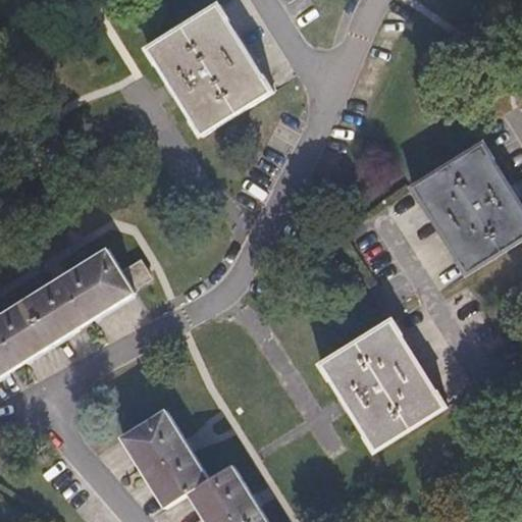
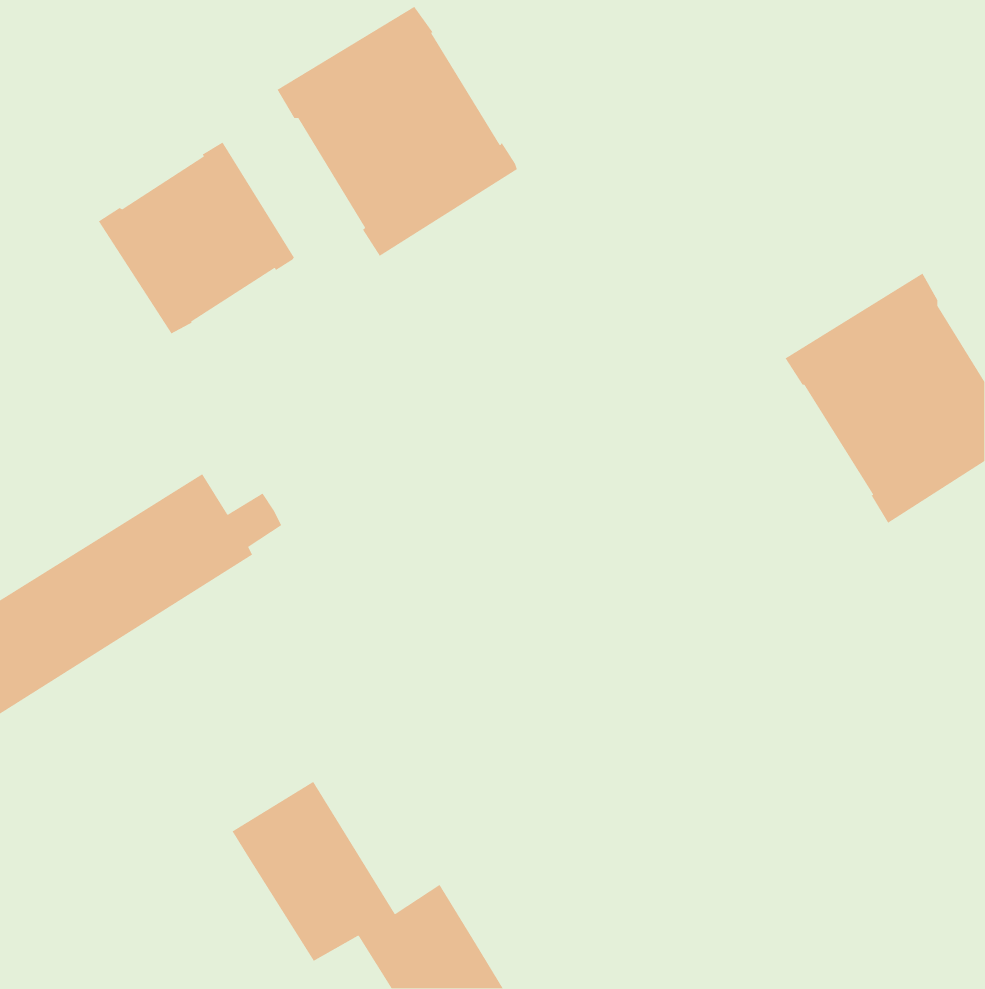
building: none -> [98,141,295,335]
building: [320,320,446,450] -> none

